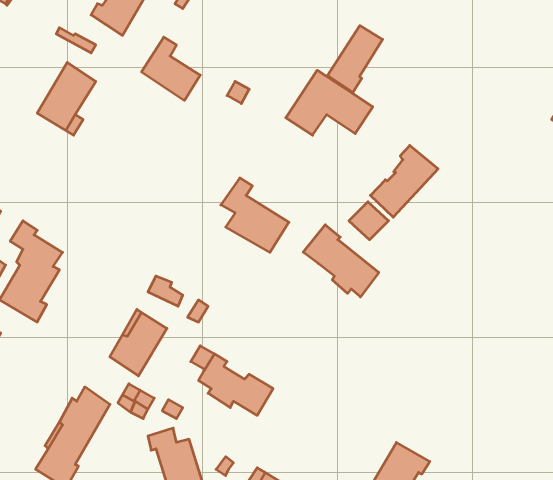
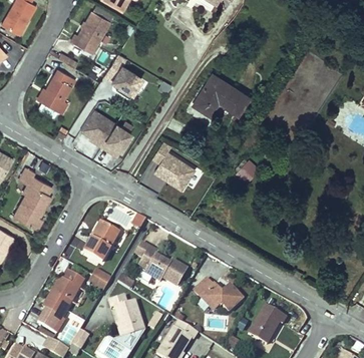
building: [328,26,383,92] -> none
building: none -> [80,107,125,146]
building: [370,145,438,217] -> none
building: [303,225,379,297] -> none
building: none -> [193,284,241,316]

